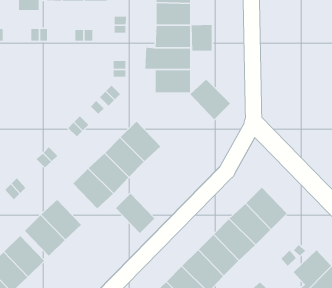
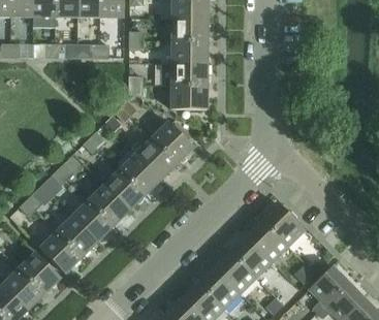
building: [191,24,213,52] -> none
building: [190,79,231,120] -> [152,122,193,163]
building: [115,193,155,234] -> [72,200,113,242]

